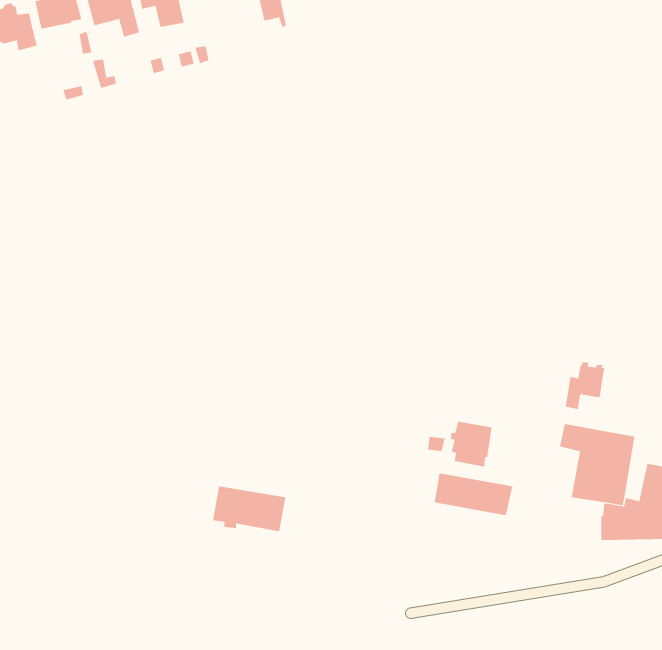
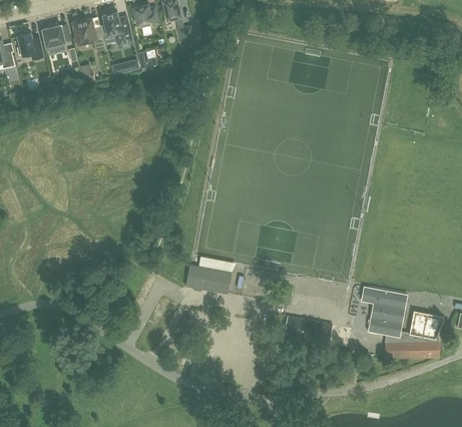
building: [565,362,605,410] -> none
building: [450,421,492,468] -> none
building: [212,486,286,532] -> [185,265,230,293]

